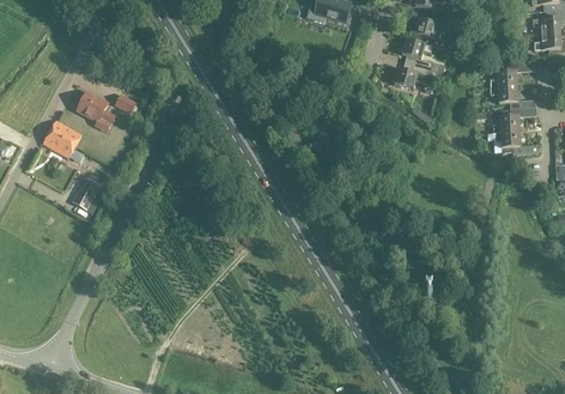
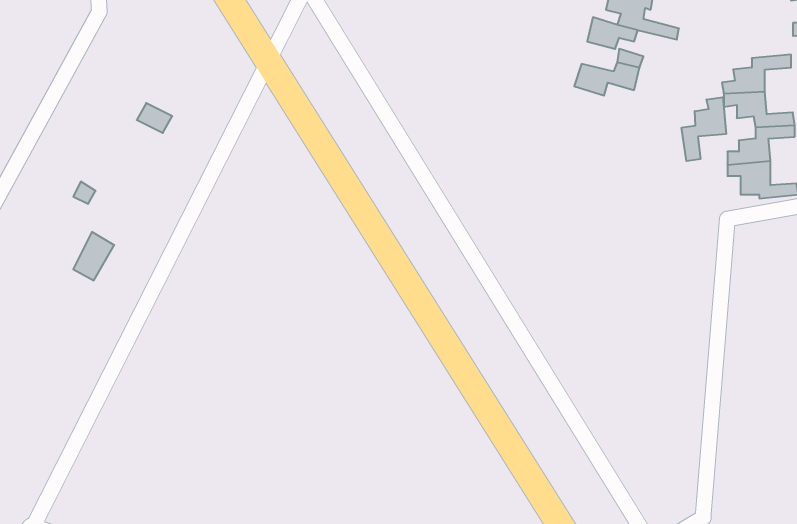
building: none -> [682,97,726,161]
building: [77,91,114,122] -> none
building: [42,121,80,157] -> none

